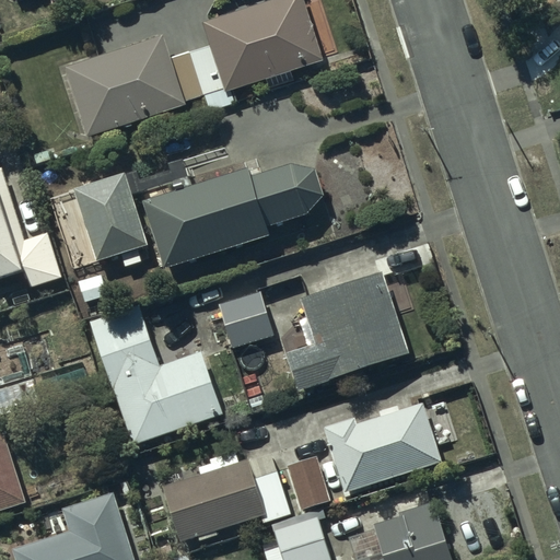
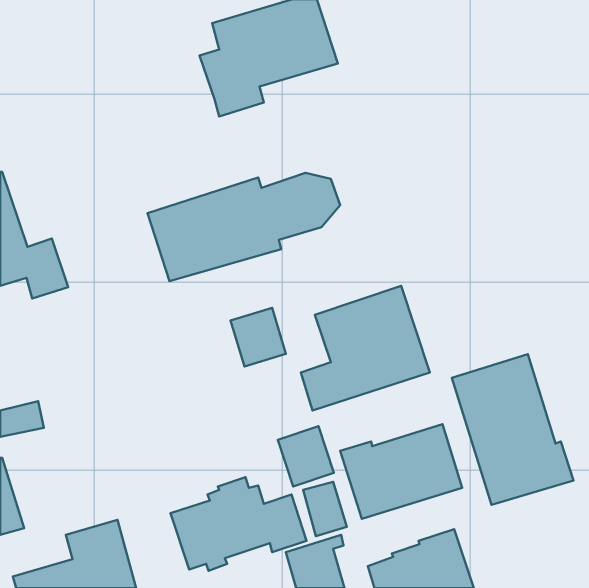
building: [63,36,203,135] -> none
building: [72,173,147,267] -> none
building: [90,305,221,444] -> none
building: none -> [452,354,573,505]
building: none -> [278,426,334,486]

